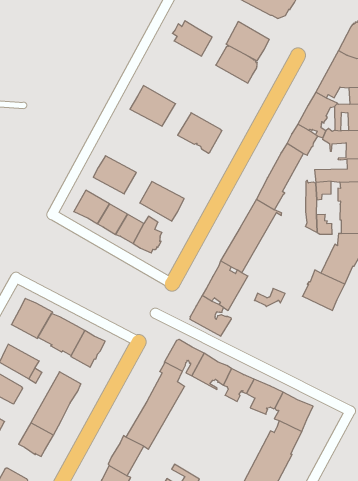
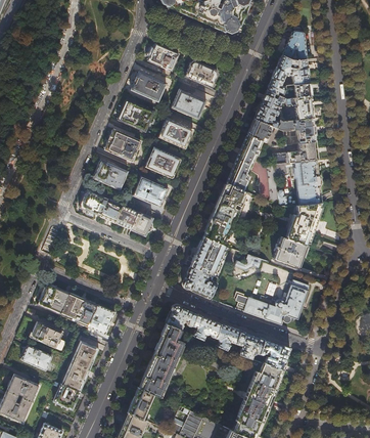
building: [226,22,269,61] -> [171,89,205,120]
building: none -> [131,72,165,101]
building: none -> [103,130,140,162]
building: none -> [144,147,180,178]
building: none -> [234,279,309,324]

